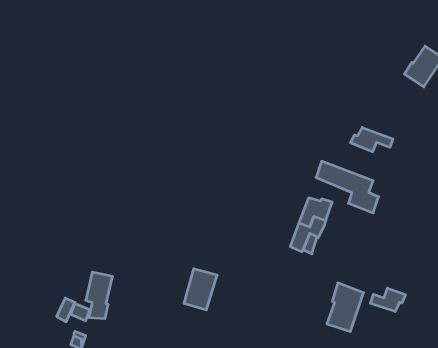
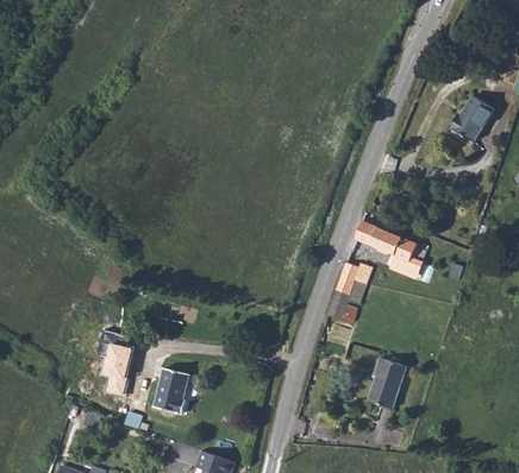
building: [350,127,393,152] -> none
building: [184,269,217,310] -> [157,368,194,414]
building: [370,288,405,312] -> none

